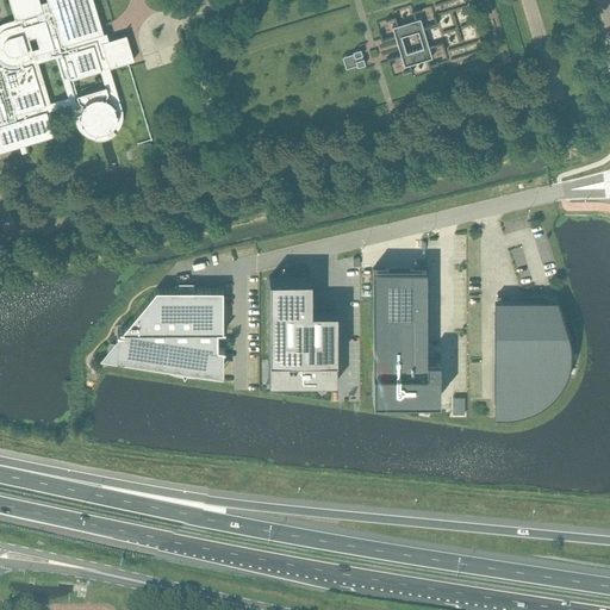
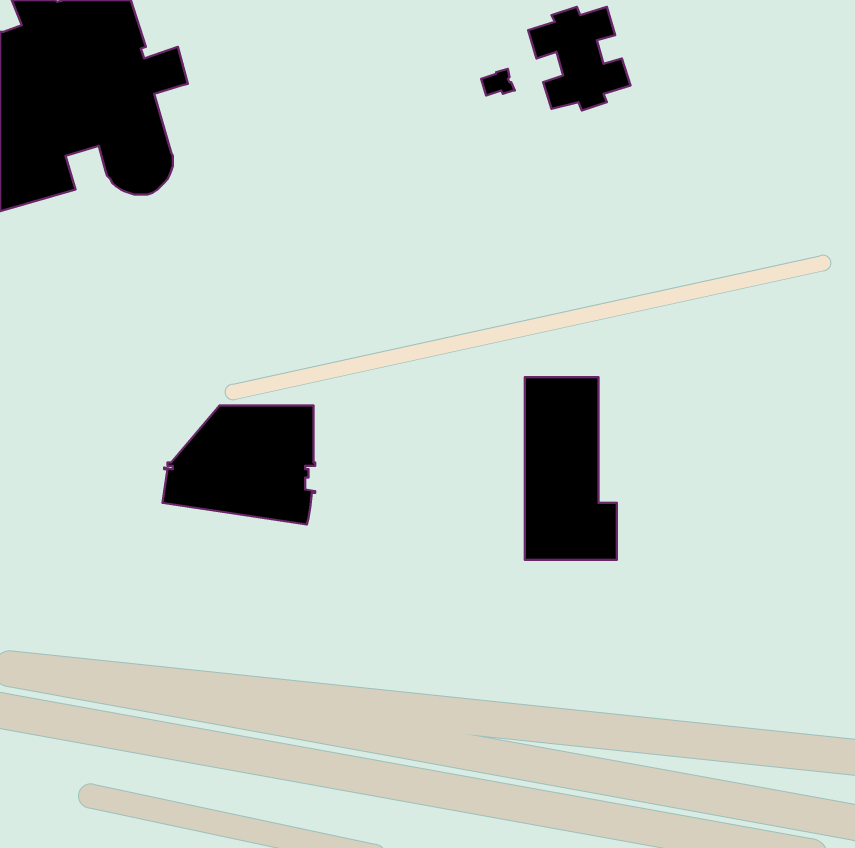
building: [269,285,336,387] -> none
building: [496,304,568,413] -> none

